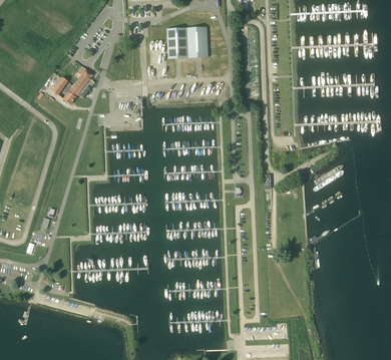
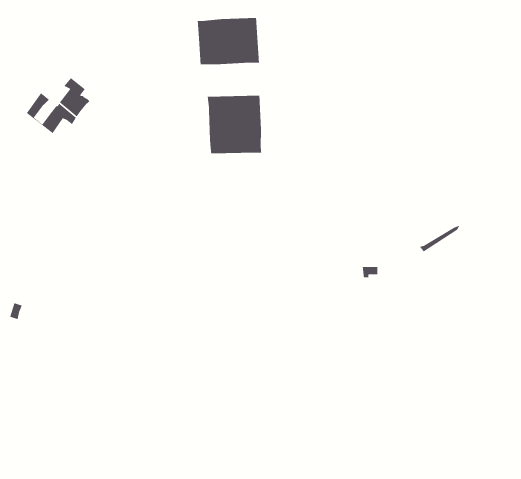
building: none -> [207,95,262,154]

